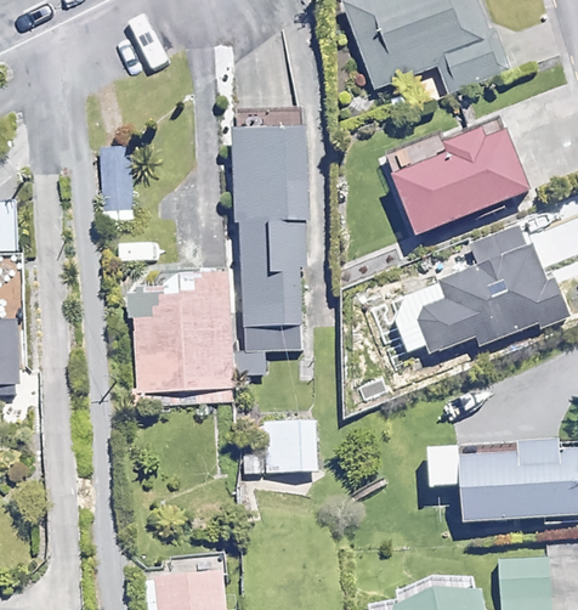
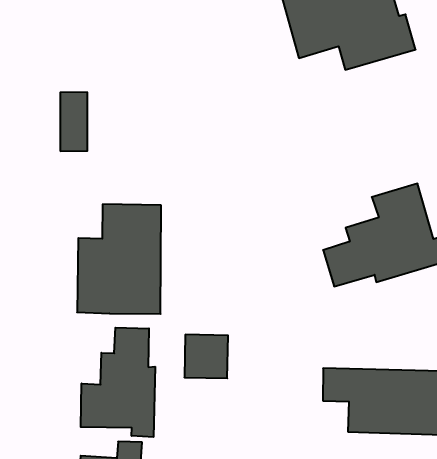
building: [392,119,528,235] -> none
building: [234,126,308,372] -> none
building: none -> [81,328,155,437]

